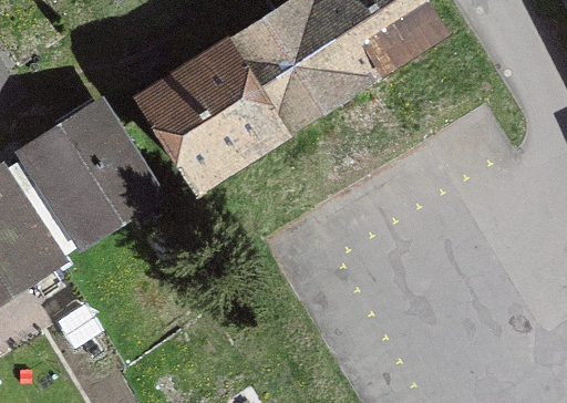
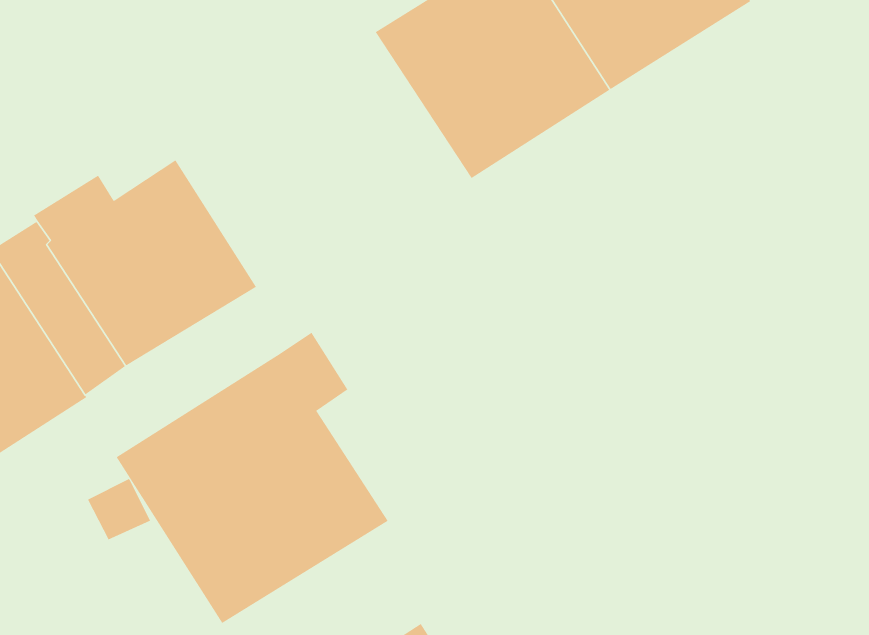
building: [144,49,279,185] -> none
building: none -> [116,332,389,624]

